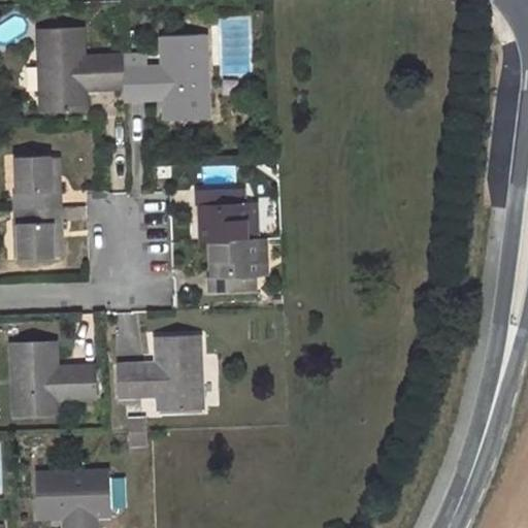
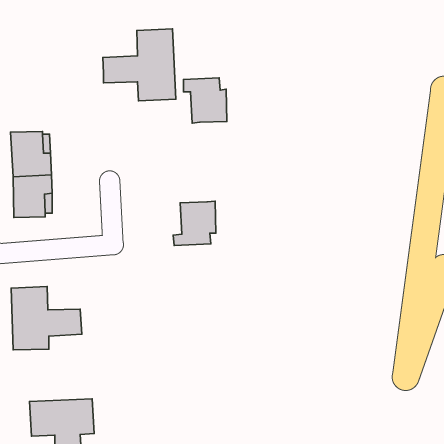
building: [38,28,123,113] -> none
building: [194,189,245,242] -> [183,78,227,123]
building: [117,335,200,411] -> none

